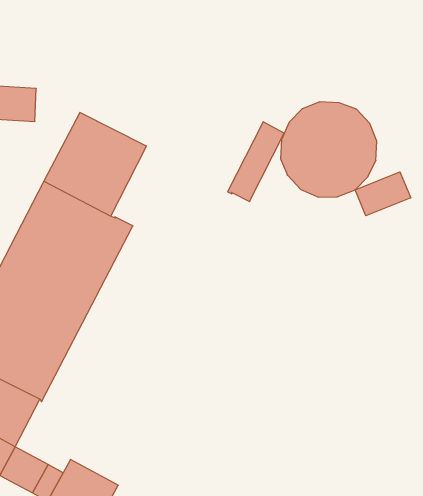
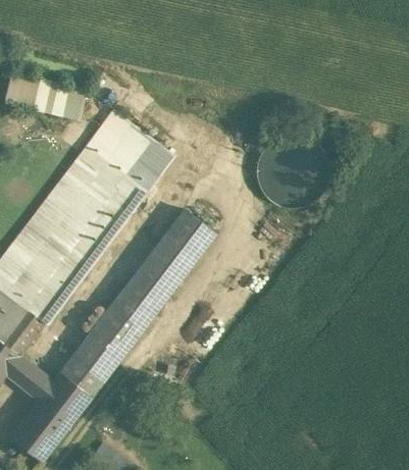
building: [228,122,284,202] -> [121,146,171,204]
building: [355,172,411,216] -> none
building: none -> [60,209,216,397]

